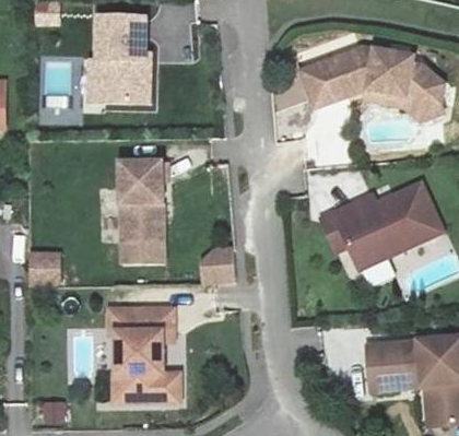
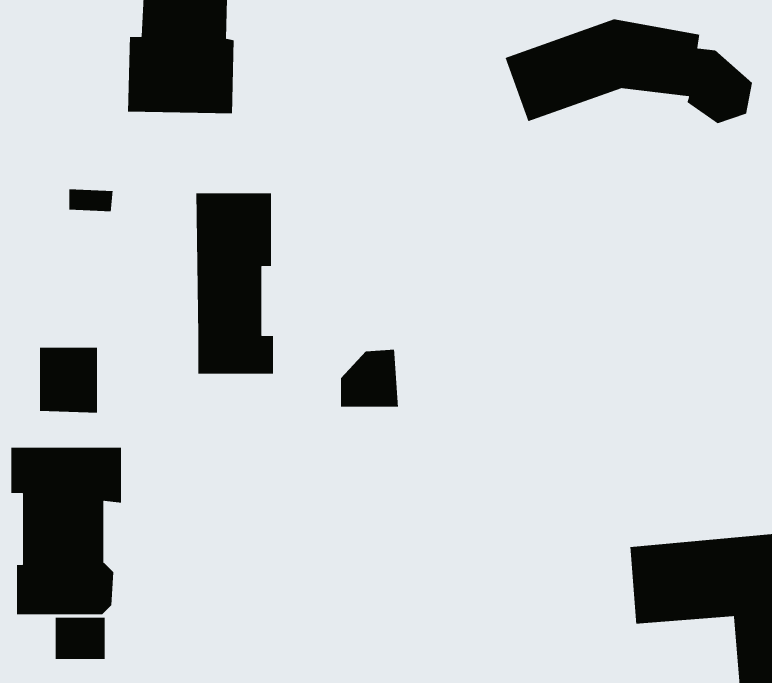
building: [316,188,435,271] -> none
building: [115,296,177,390] -> [10,447,122,615]

